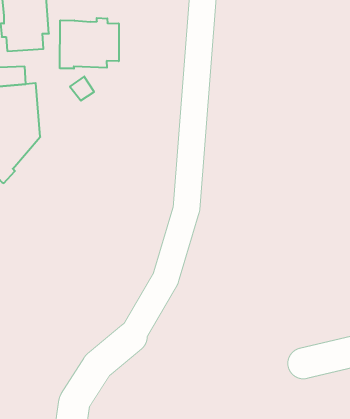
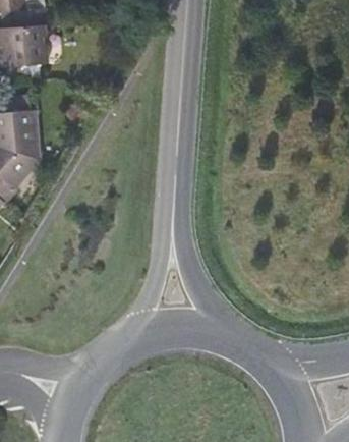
building: [60,18,119,69] -> none

